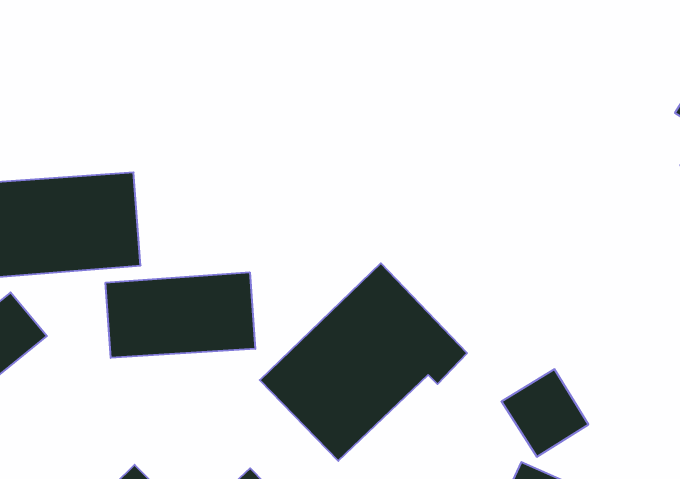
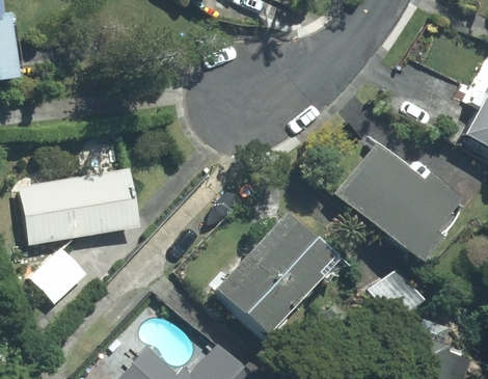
building: none -> [336,143,463,261]
building: [106,272,255,358] -> none

